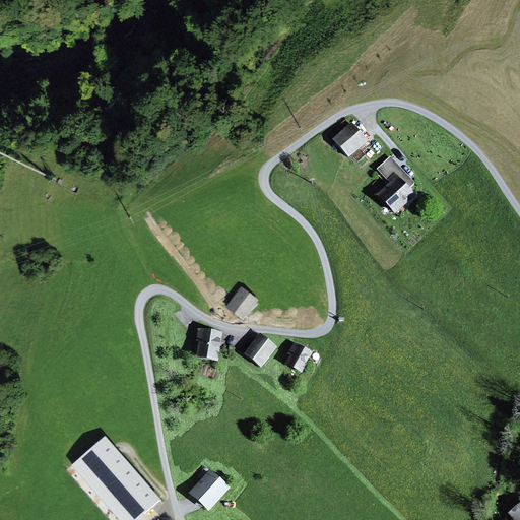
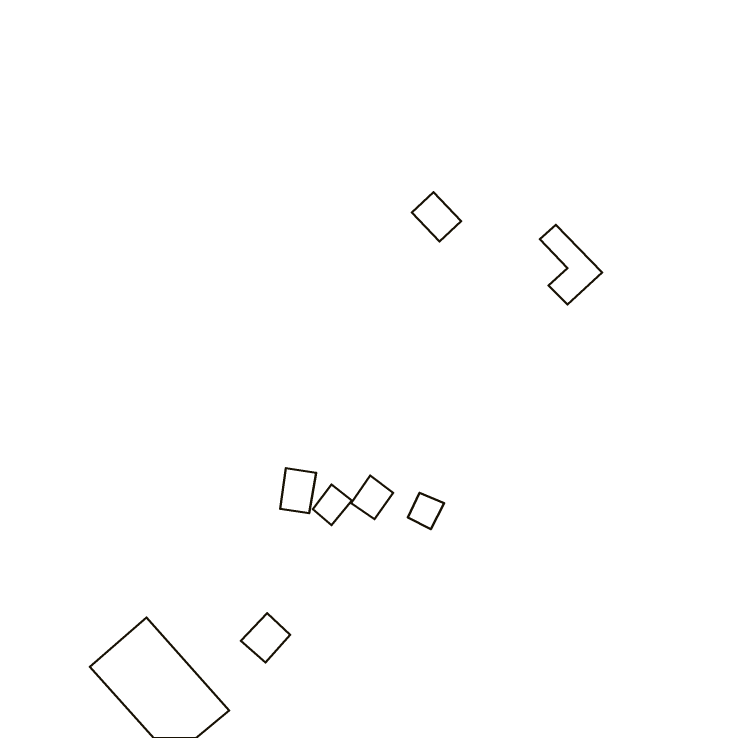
building: [337,123,372,157] -> [412,192,461,241]
building: [229,286,256,315] -> [313,485,352,525]
building: [190,472,224,507] -> [241,613,290,662]

